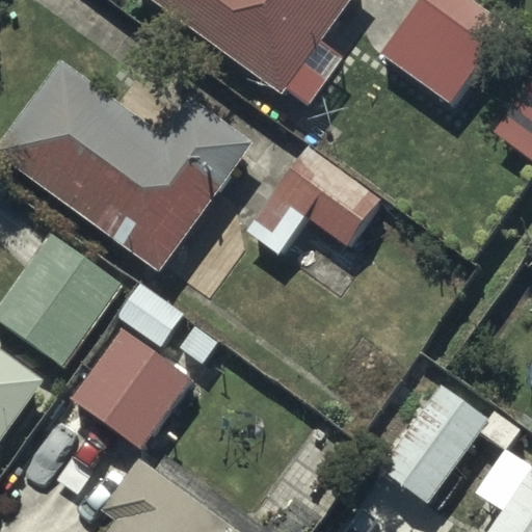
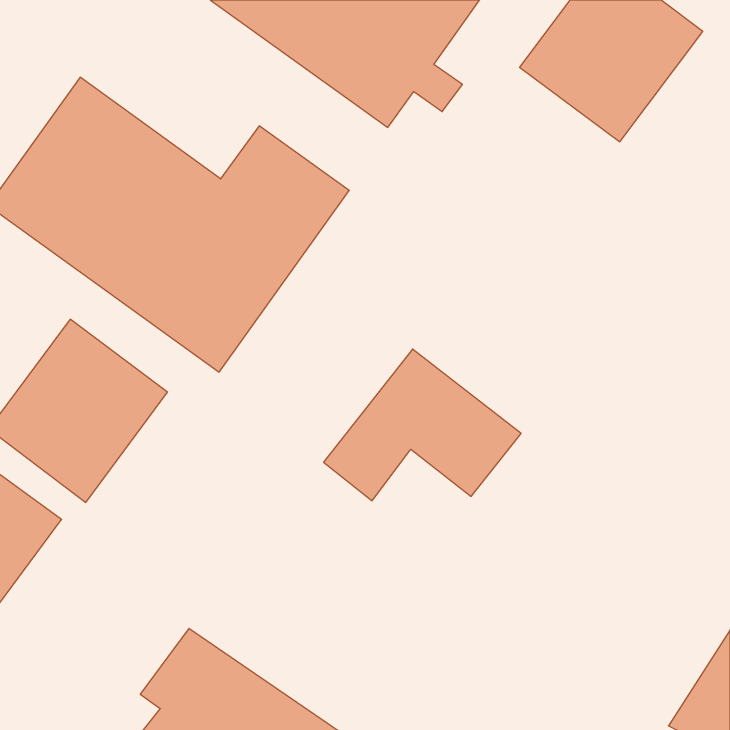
building: [243,143,387,254] -> [324,349,521,501]
building: [68,285,194,449] -> none
building: [367,376,495,510] -> none

